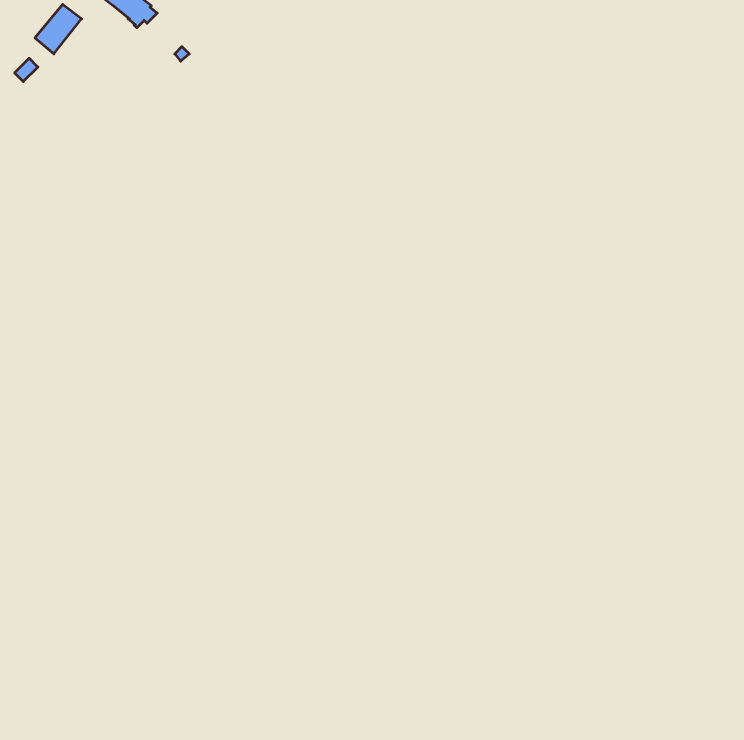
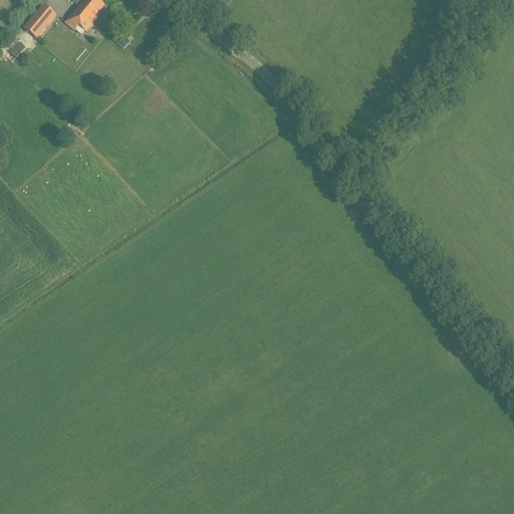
building: none -> [64,4,94,30]

